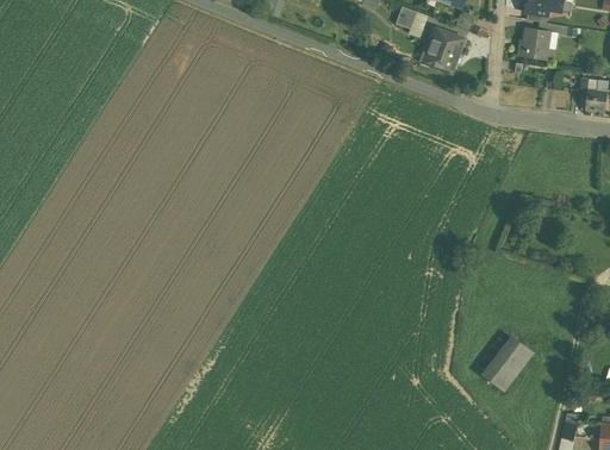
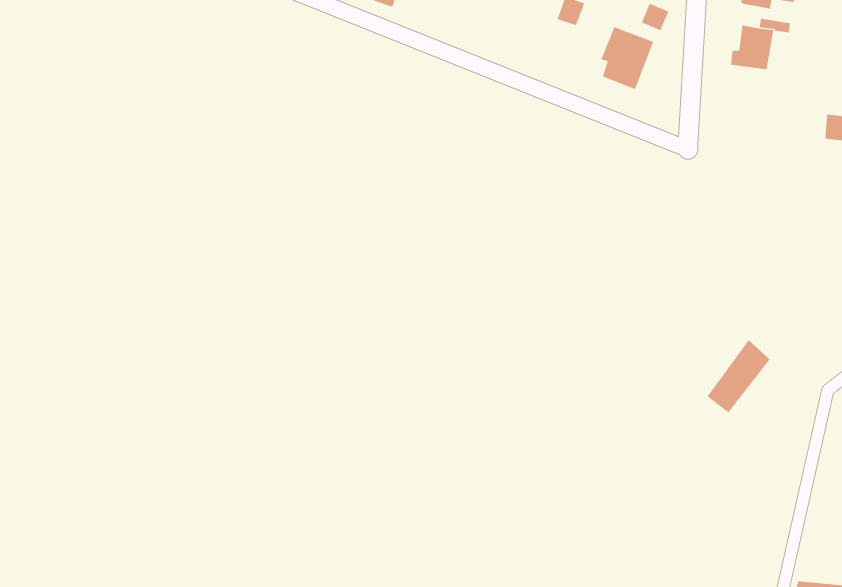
building: [483,333,528,386] -> [706,339,771,413]

